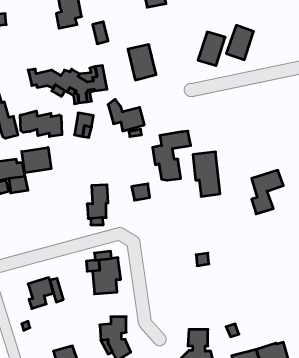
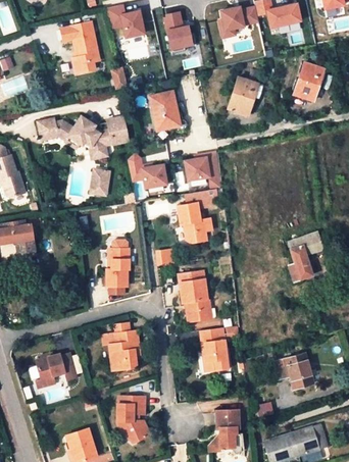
building: [226,25,254,60] -> [294,62,325,101]
building: none -> [184,152,221,190]
building: [20,111,62,137] -> none
building: [22,147,51,173] -> none
building: [193,152,220,196] -> [178,271,208,321]
building: none -> [197,328,227,370]
building: none -> [275,353,316,390]

